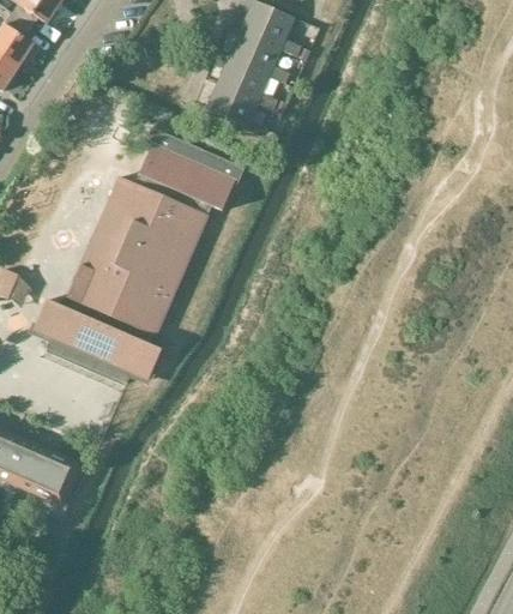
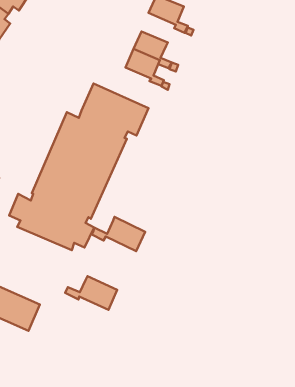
building: [230,26,288,83] -> none
building: none -> [92,217,145,251]
building: none -> [65,276,117,310]

